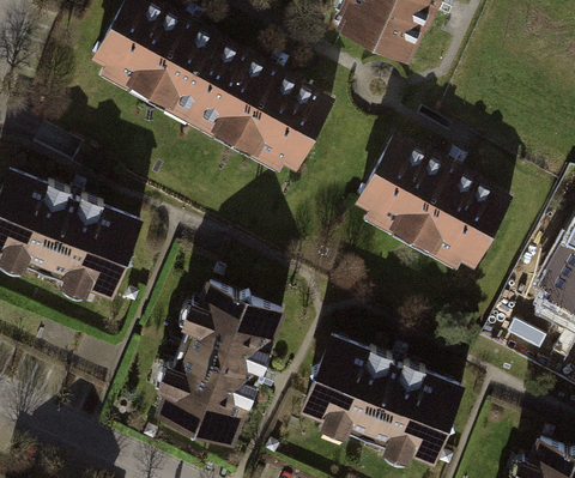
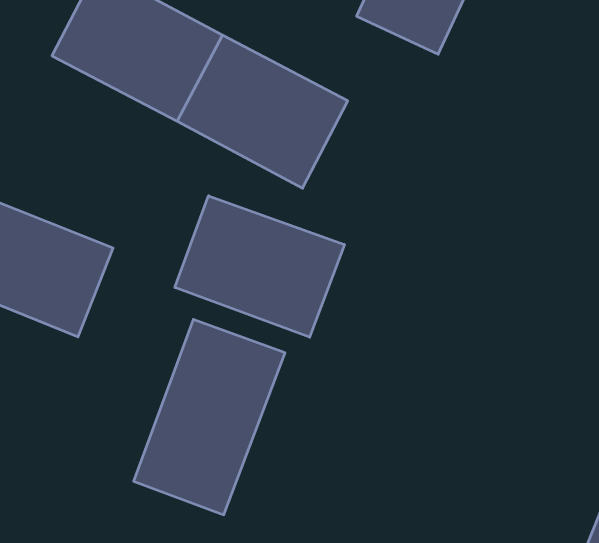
building: [356,139,508,271] -> none
building: none -> [175,196,344,337]
building: [299,333,458,458] -> none

